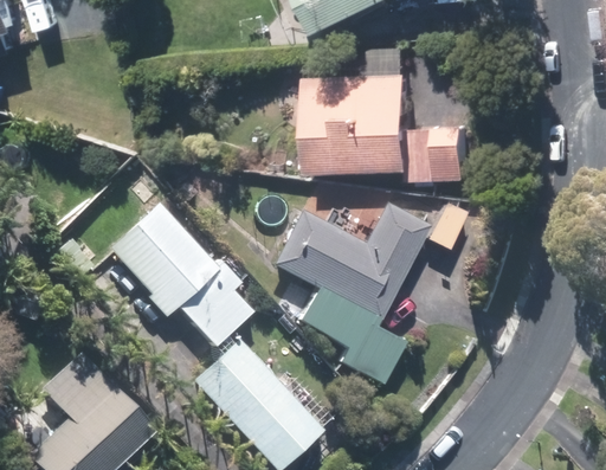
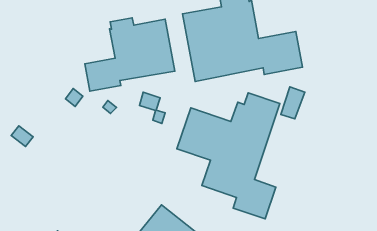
building: none -> [85,18,175,91]
building: [109,201,253,347] -> none

